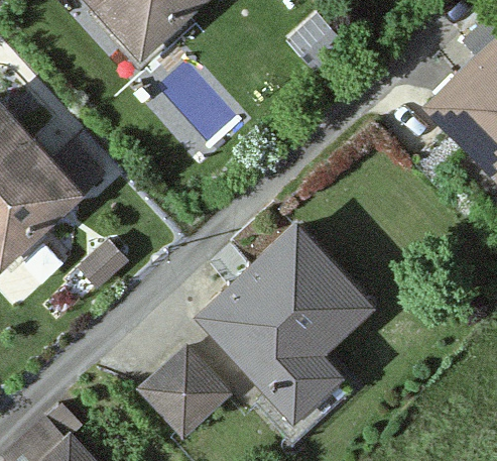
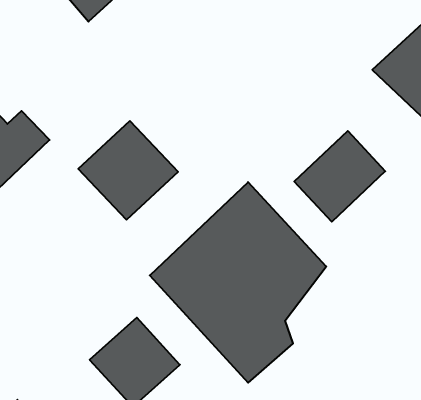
building: none -> [78,121,178,220]
building: none -> [294,131,385,222]

